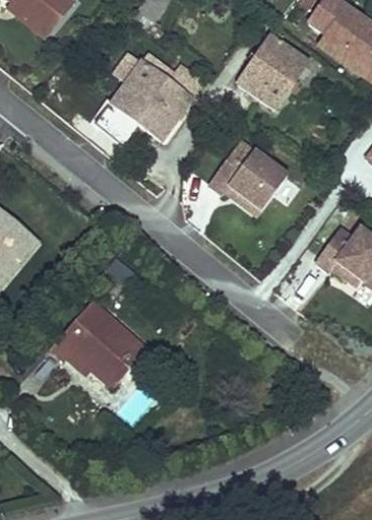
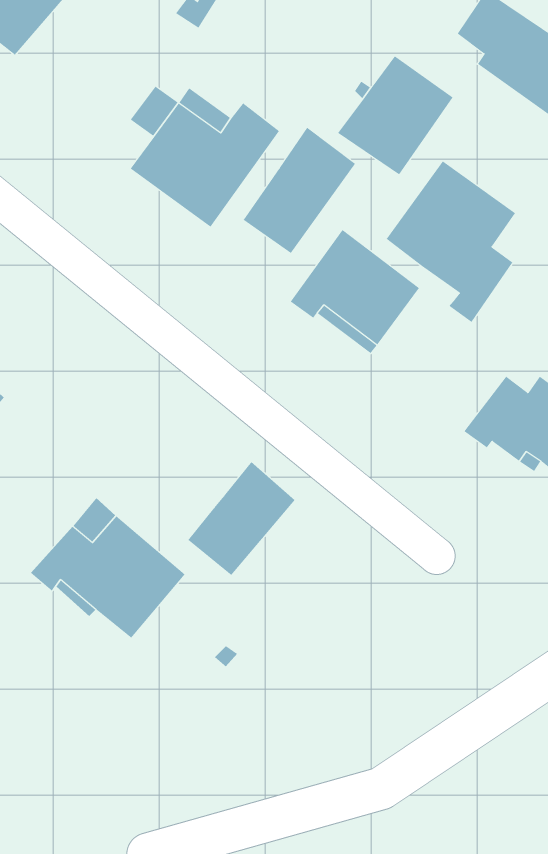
building: none -> [243,127,356,254]
building: none -> [386,161,516,323]
building: none -> [187,461,295,576]

